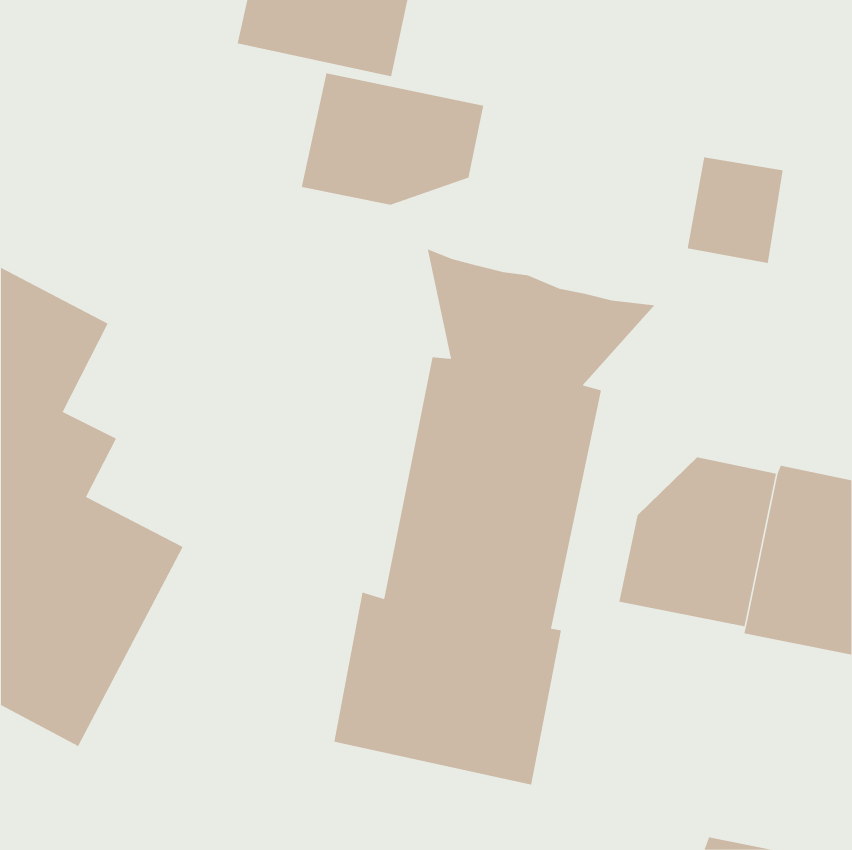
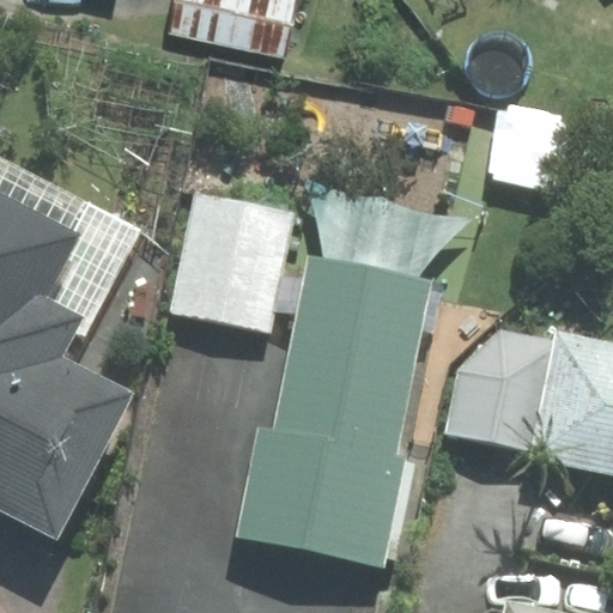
building: [301,73,484,206] -> none
building: none -> [174,194,293,329]

